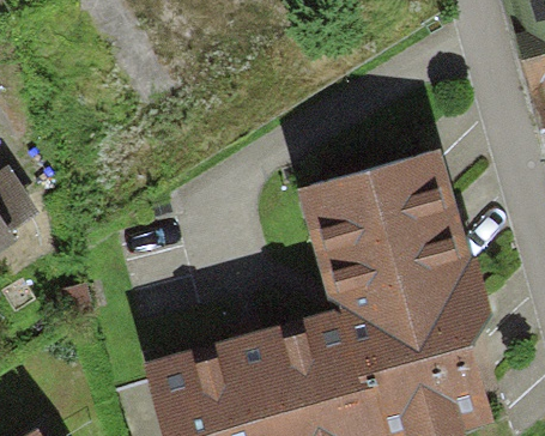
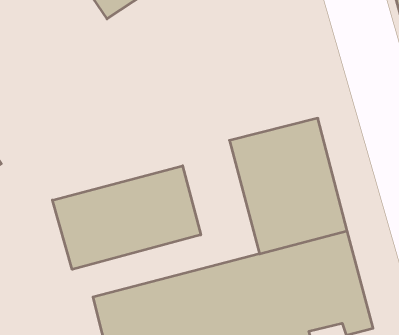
building: none -> [52,166,201,269]

